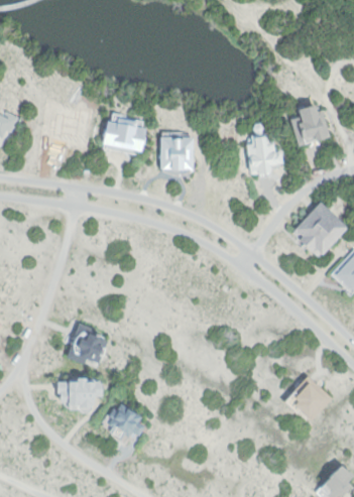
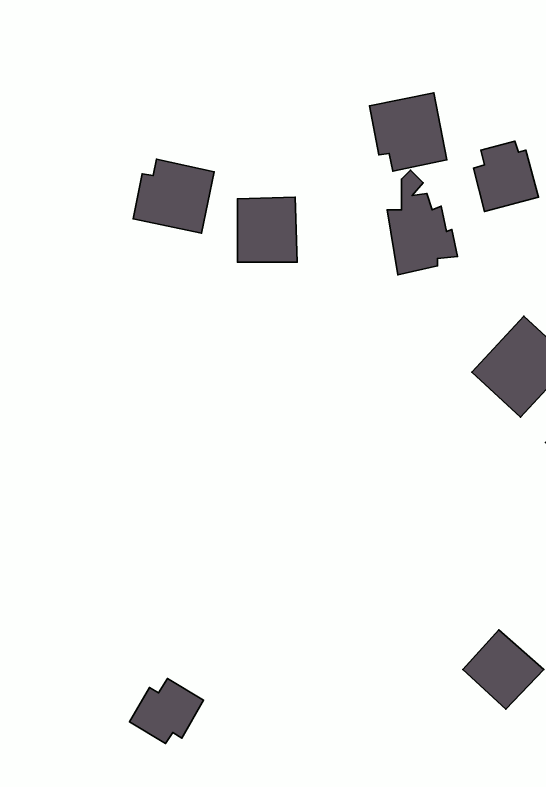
building: none -> [370,93,447,171]
building: [68,324,110,366] -> none
building: [57,382,103,412] -> none

